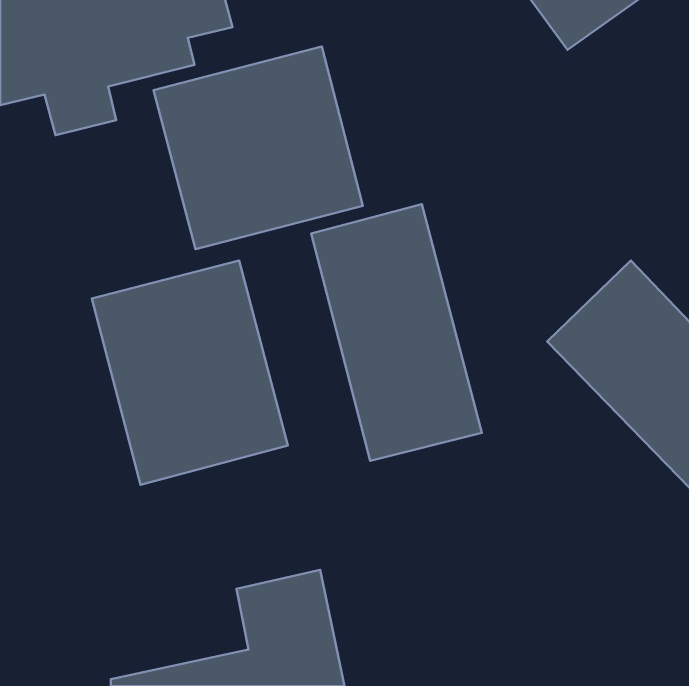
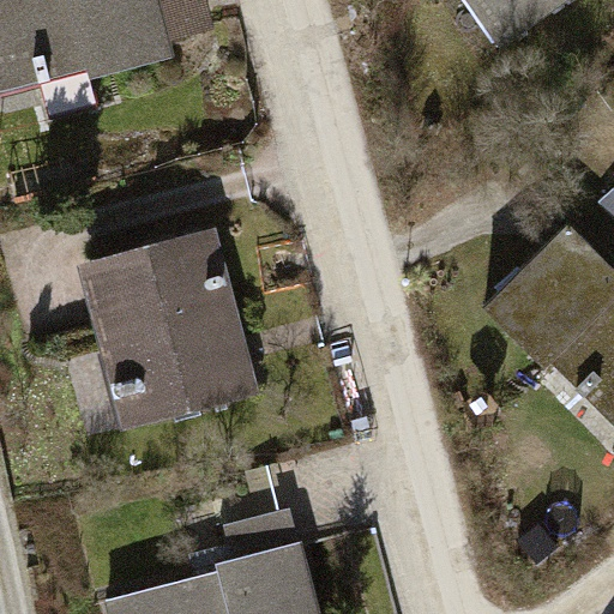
building: [154,46,363,249] -> none
building: [311,204,482,461] -> none

